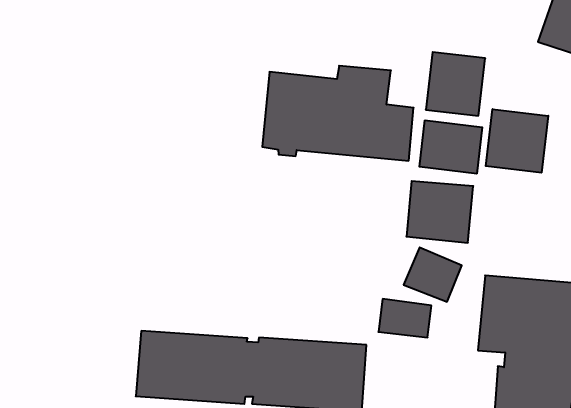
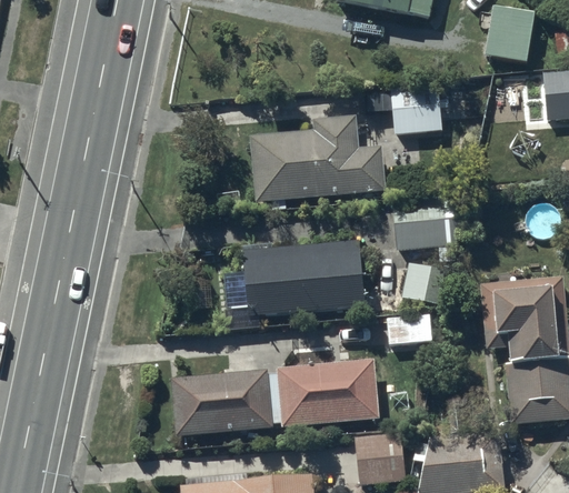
building: [486,109,548,173] -> none
building: [419,120,482,174] -> none
building: none -> [239,237,363,314]

